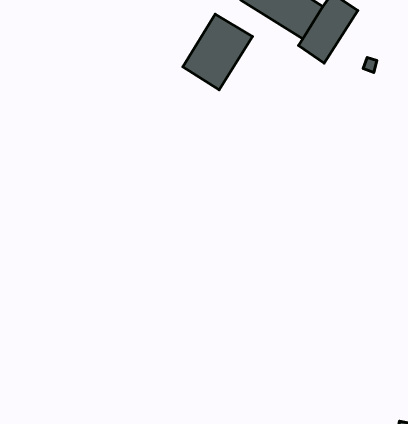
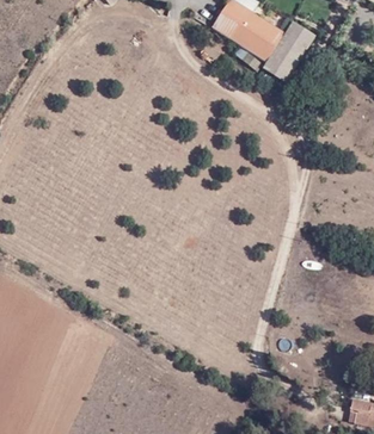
building: [183,14,253,90] -> none

